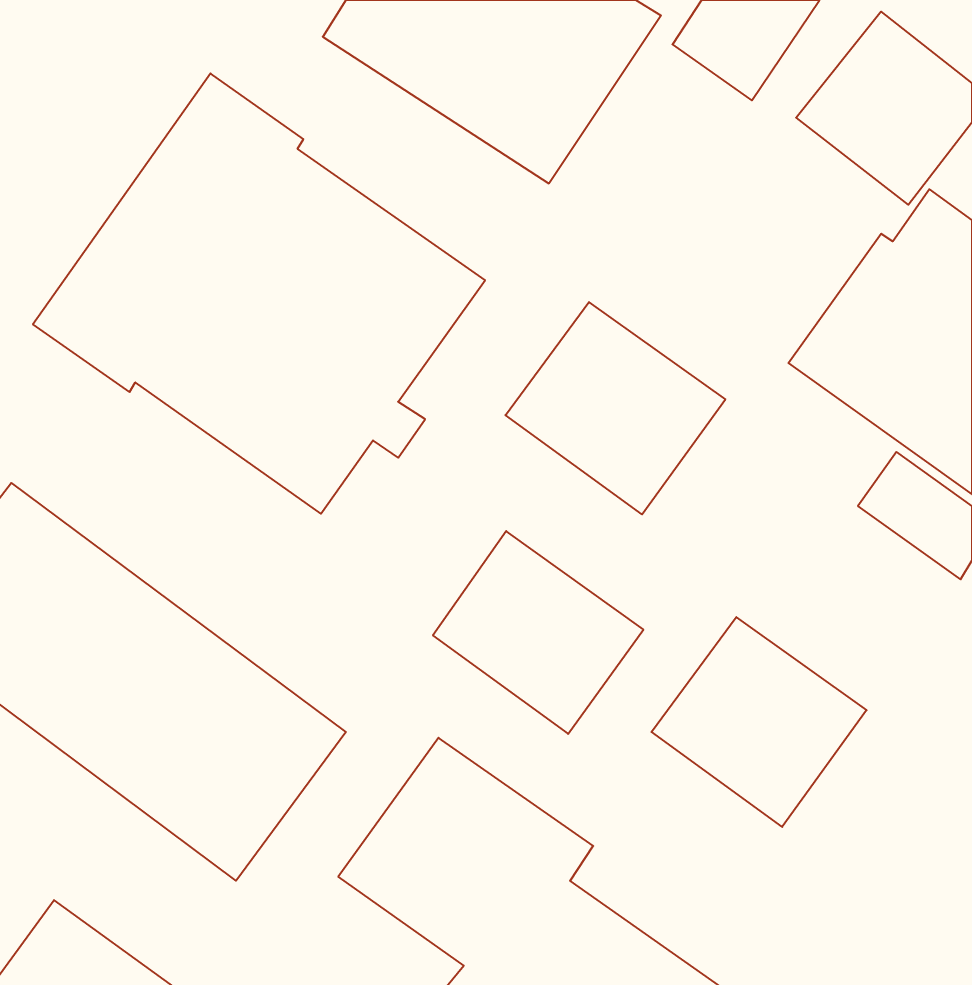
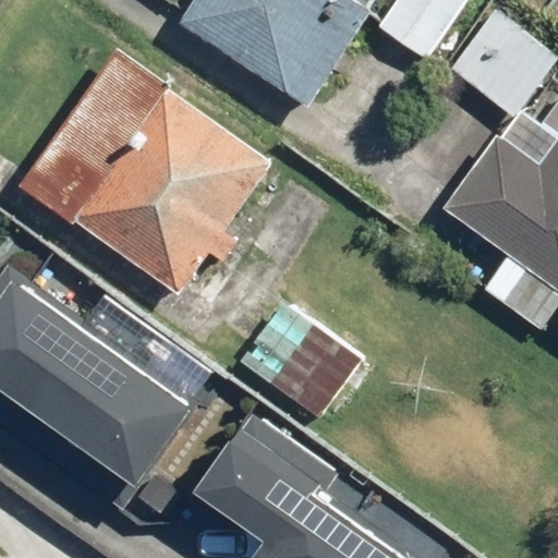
building: [505,302,725,514] -> none
building: [651,617,867,827] -> none

